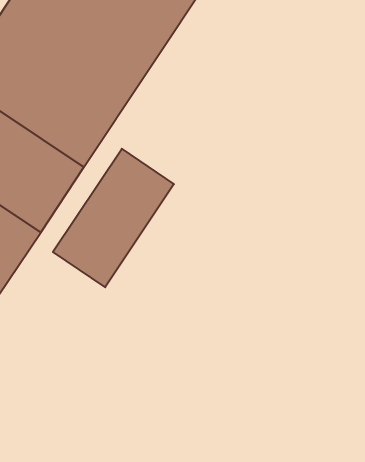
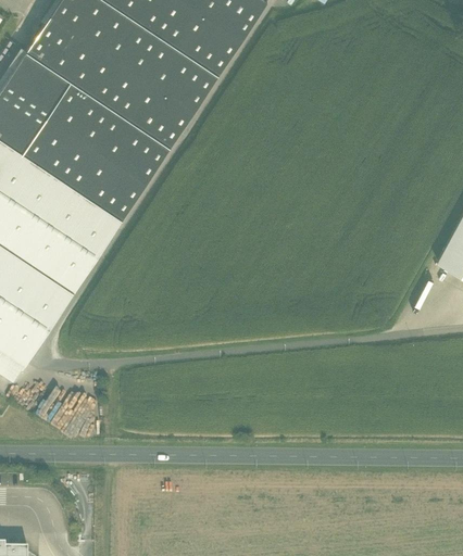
building: [53,149,174,287] -> none

